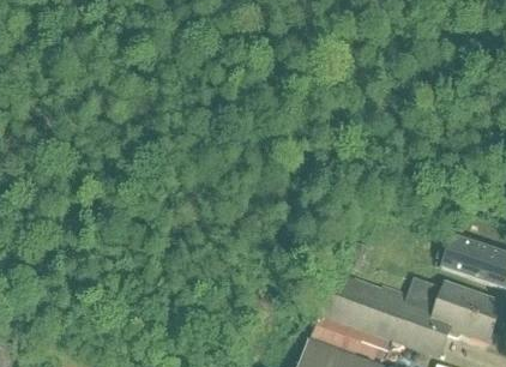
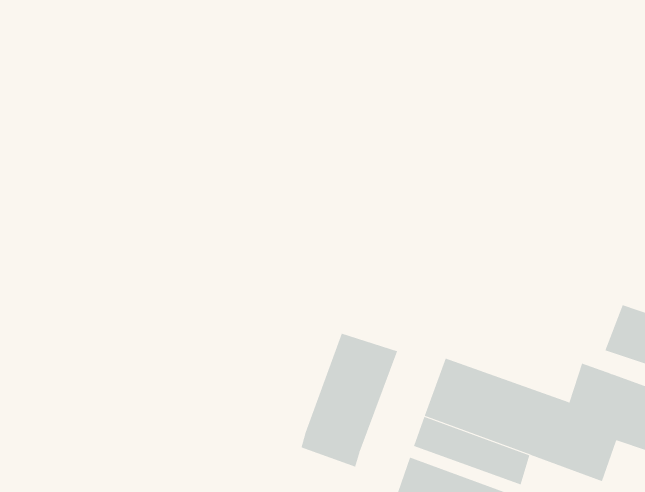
building: none -> [301,333,398,468]

